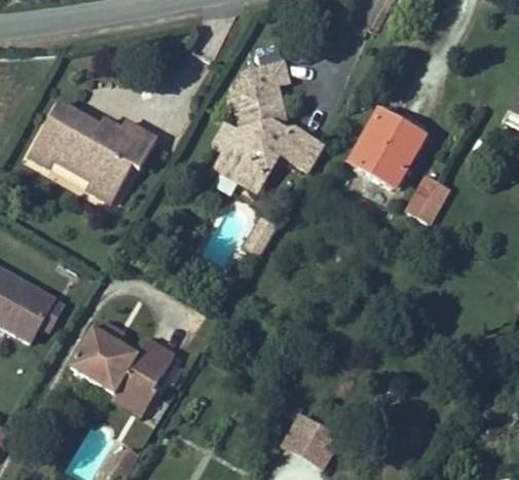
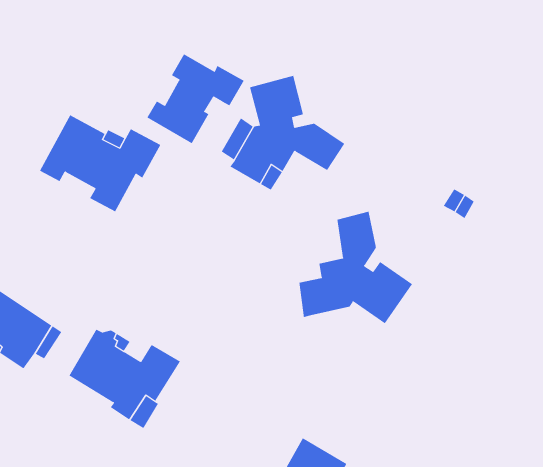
building: none -> [147,53,244,144]
building: [354,112,425,192] -> none
building: none -> [299,211,413,324]

